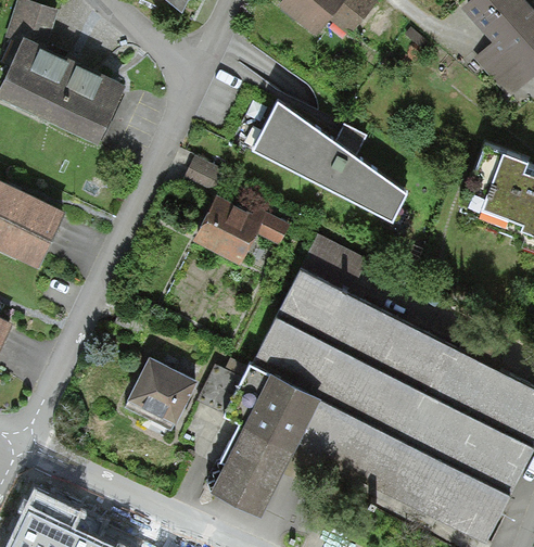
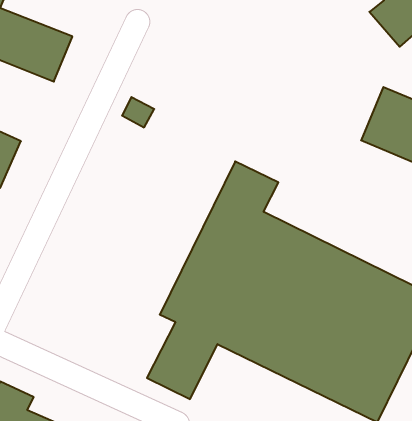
building: [251,96,412,225] -> none
building: [195,198,285,263] -> none
building: [125,359,193,430] -> none

